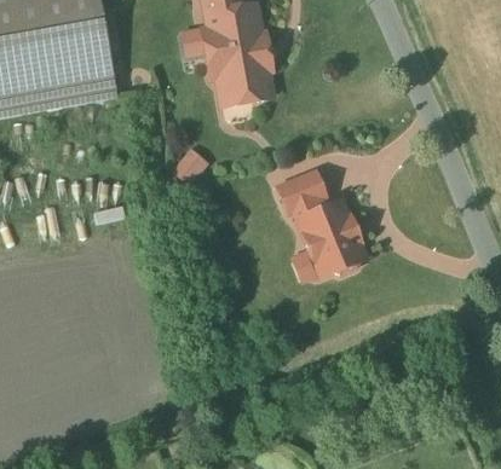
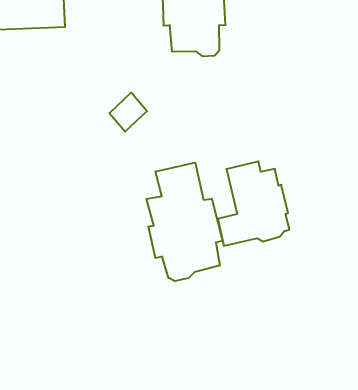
building: [278,174,326,213] -> none
building: none -> [147,163,223,281]

